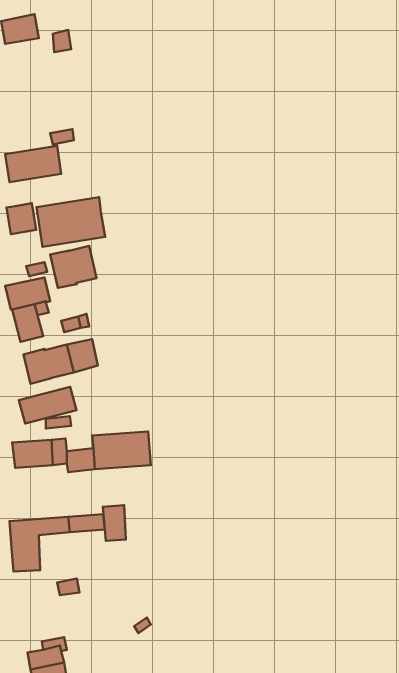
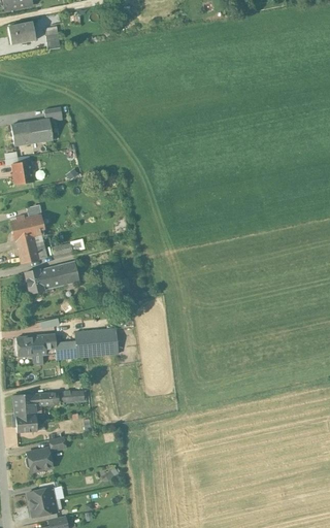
building: [36,197,105,247] -> none
building: [50,246,96,288] -> none
building: [19,387,77,423] -> none
building: [103,505,126,541] -> none
building: none -> [26,448,53,471]

